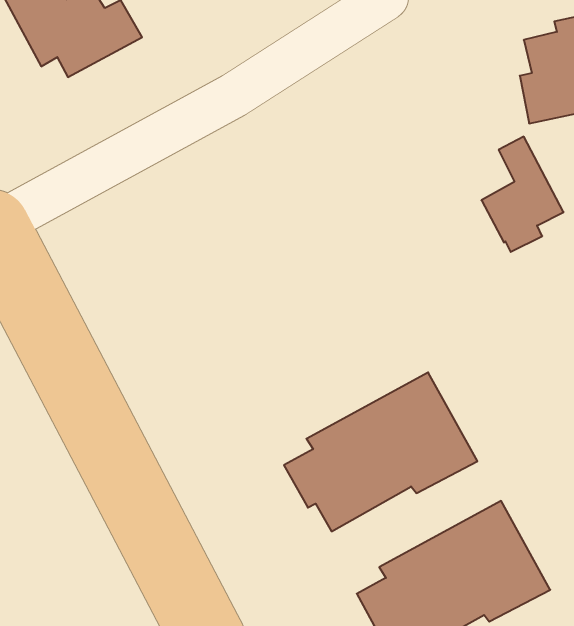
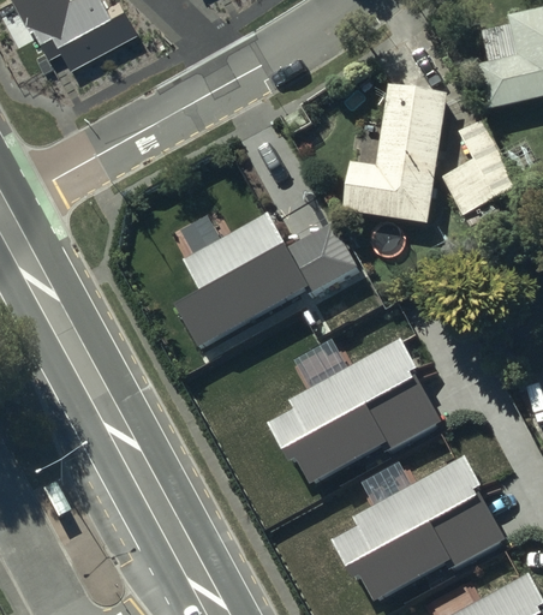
building: none -> [345,91,449,229]
building: none -> [171,210,360,350]

